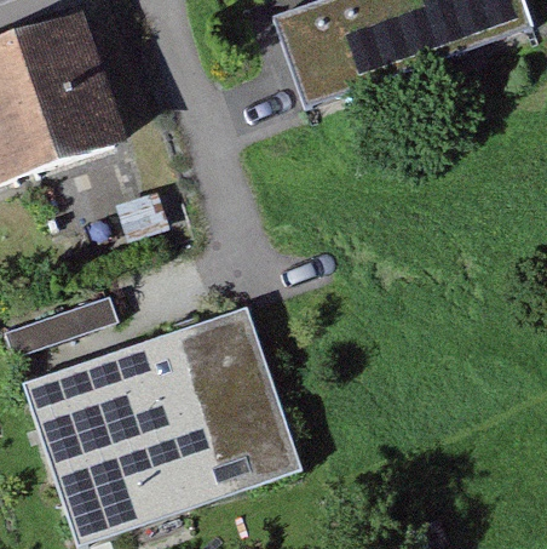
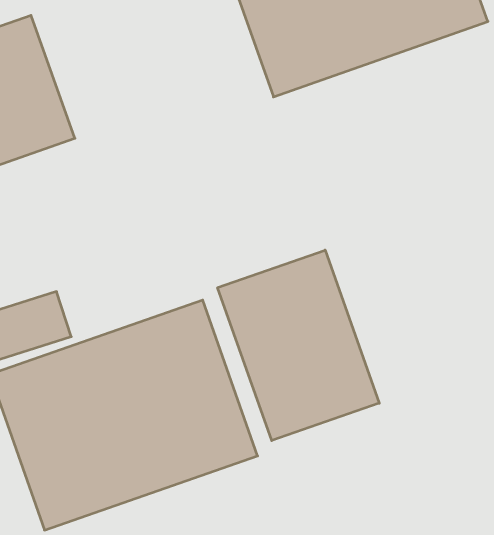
building: none -> [218,250,379,441]

